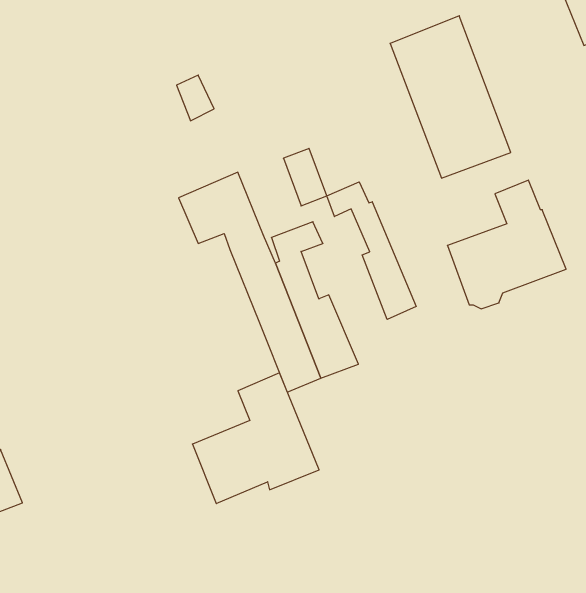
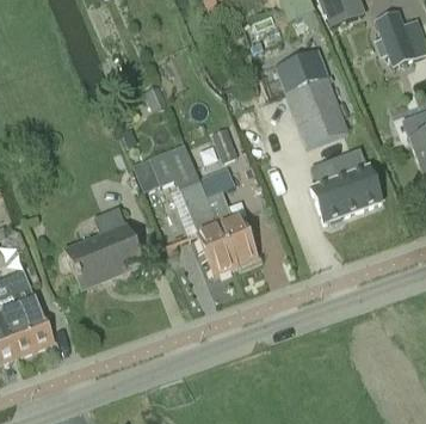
building: [327,182,416,319] -> none
building: [192,373,319,504] -> [66,205,142,284]

